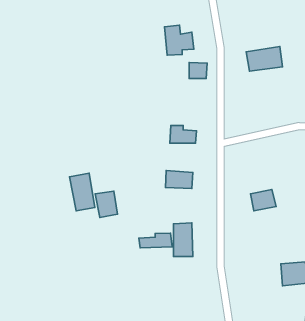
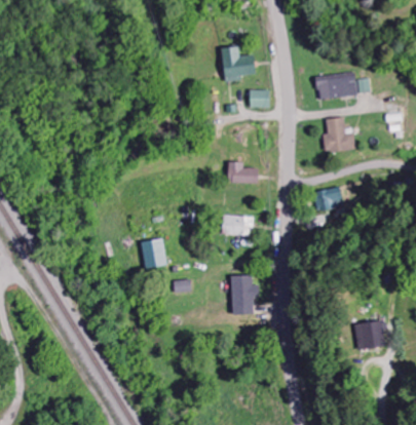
building: none -> [324,117,354,151]
building: [69,173,95,211] -> none
building: [250,190,276,211] -> [314,187,344,211]
building: [139,233,172,248] -> none

